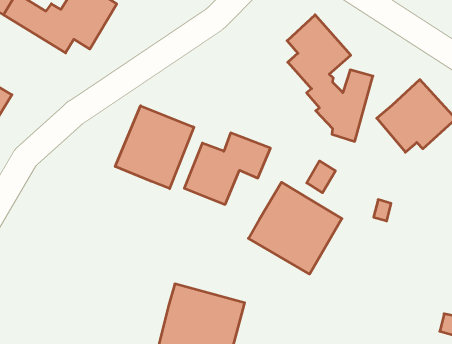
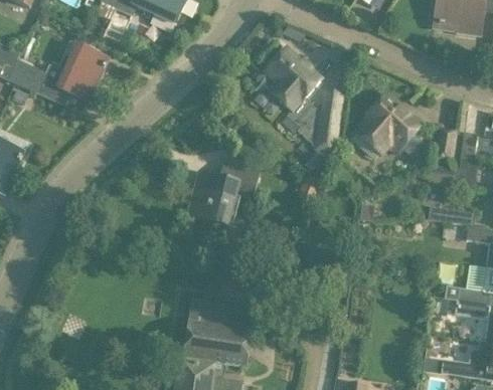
building: [115,106,194,189] -> none
building: [248,182,342,274] -> none

